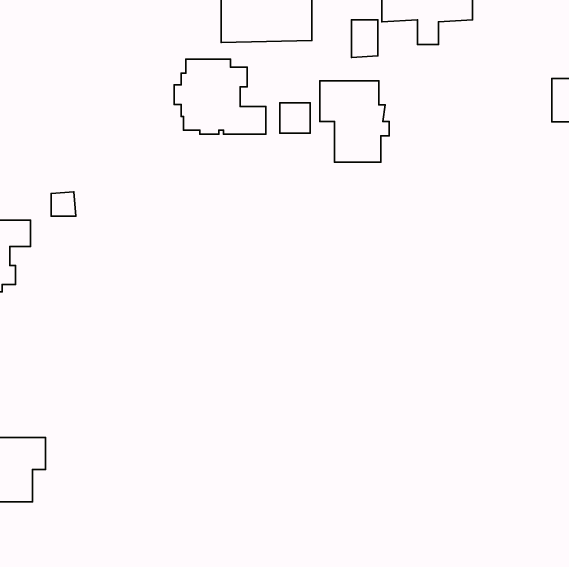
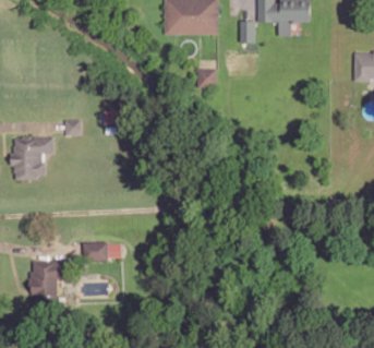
building: [174,59,266,134] -> none
building: [320,81,389,162] -> none
building: none -> [83,242,120,260]

